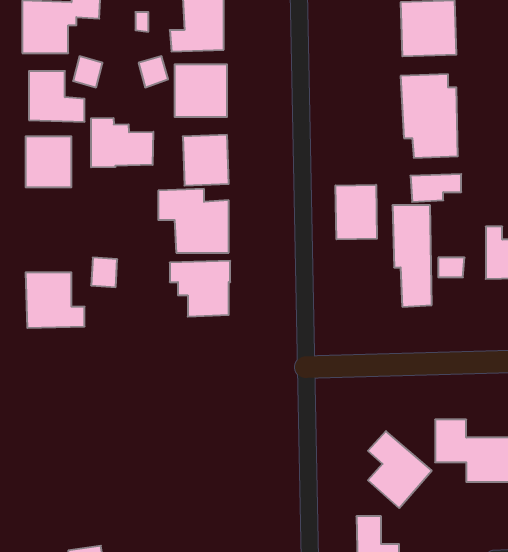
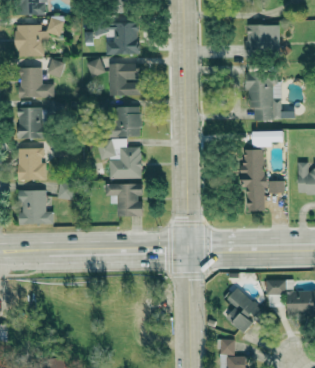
building: [91,118,153,167] -> none
building: [336,185,377,239] -> none
building: none -> [17,148,44,180]

